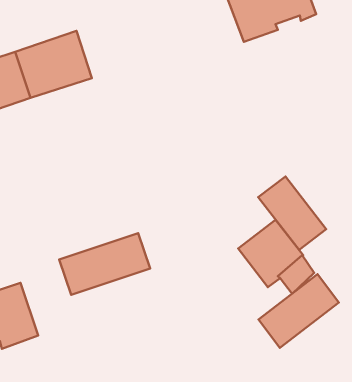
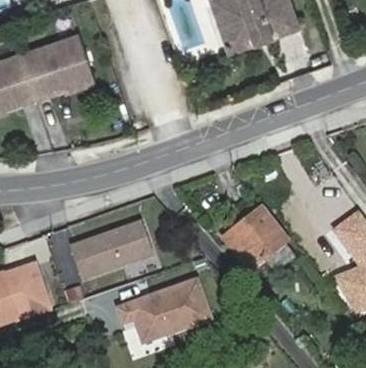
building: [258,176,326,250] -> none
building: [259,274,339,348] -> none
building: none -> [115,276,216,350]

